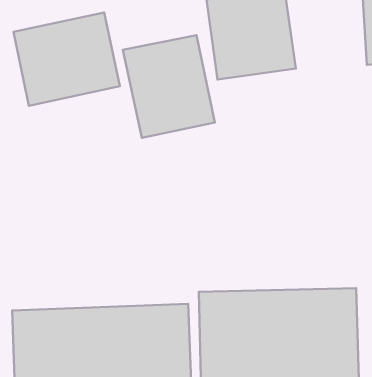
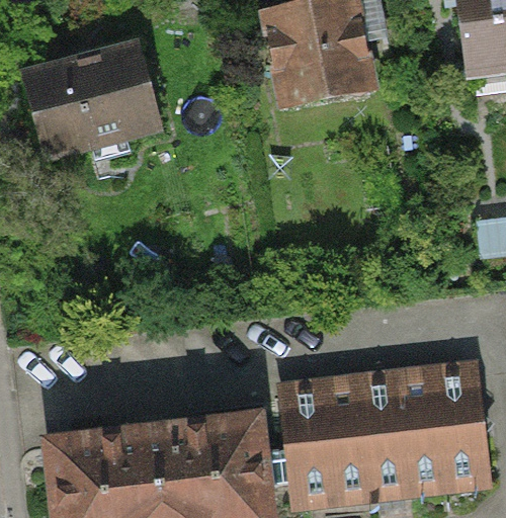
building: [123,35,215,138] -> none

